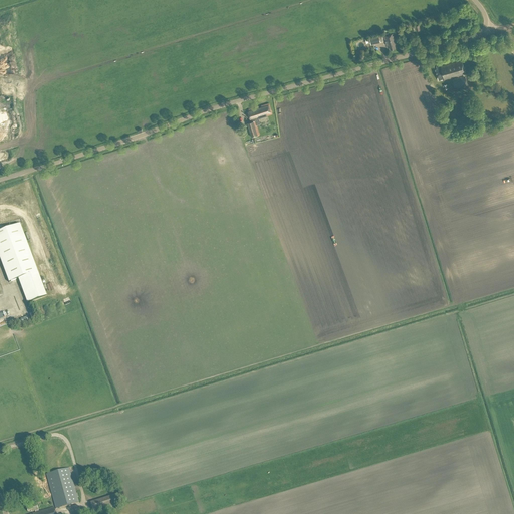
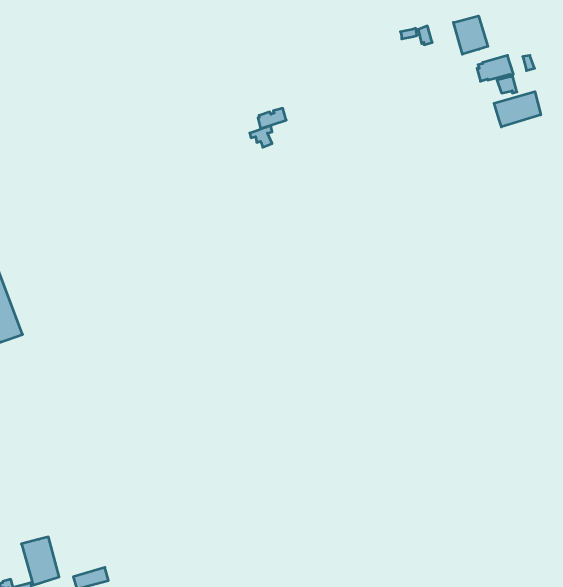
building: none -> [453,16,488,54]
building: none -> [494,92,541,127]

